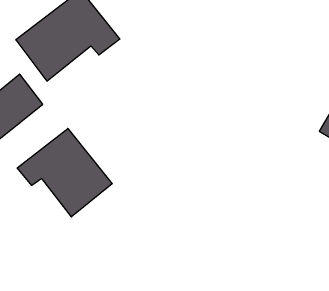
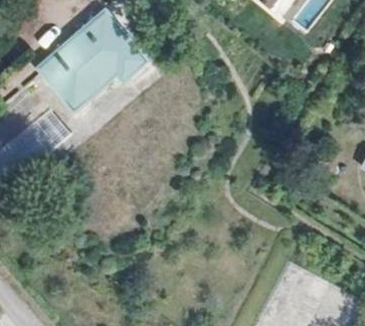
building: [17,128,112,217] -> none

